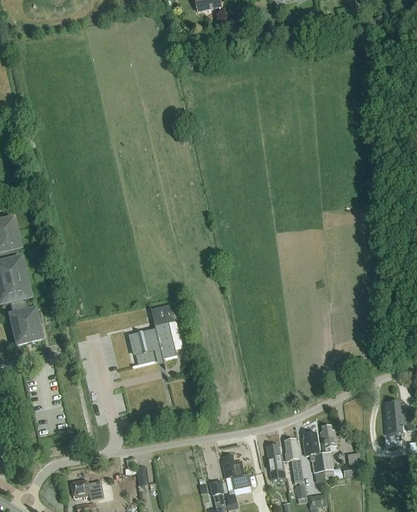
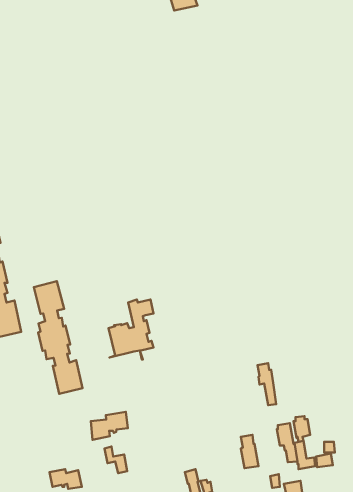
building: none -> [34,281,82,394]
building: none -> [91,412,128,440]
building: [284,438,303,481] -> [257,363,276,405]
building: [222,454,250,487] -> none

